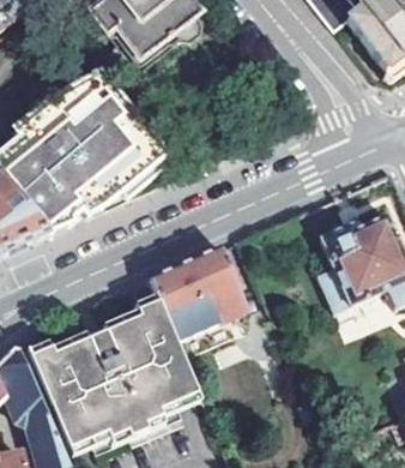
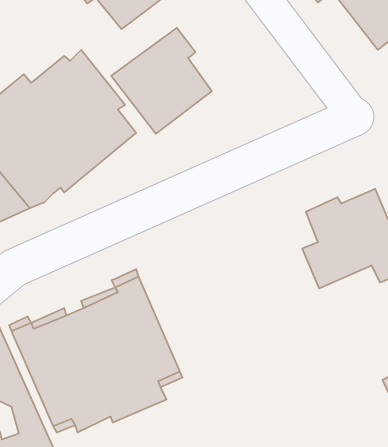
building: none -> [111,28,212,134]
building: [149,242,264,340] -> none

